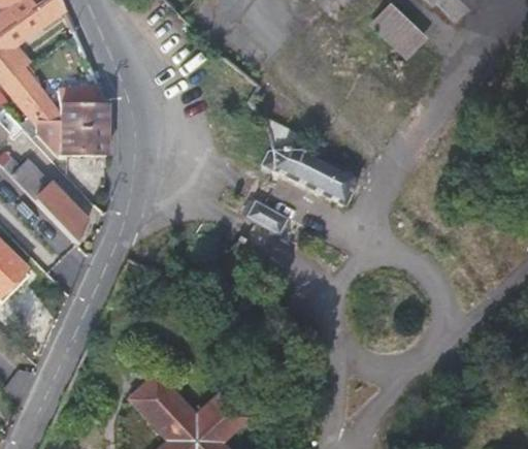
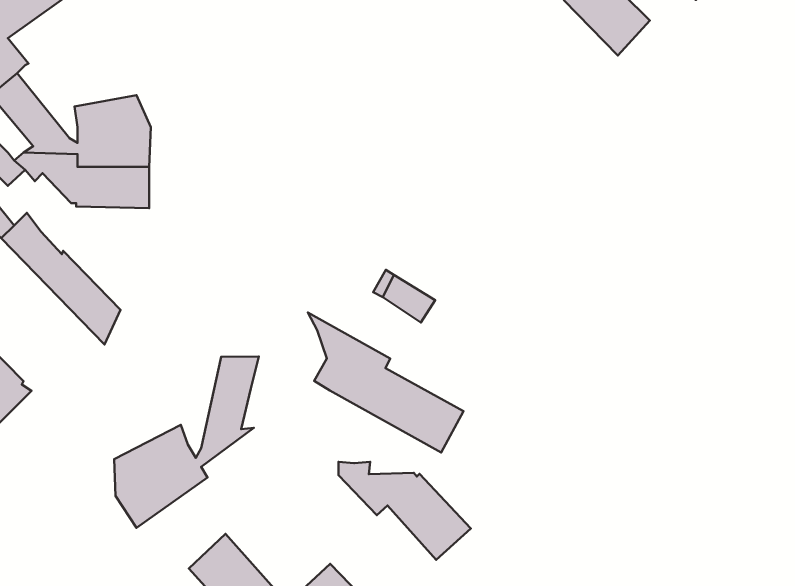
building: [256,113,357,203] -> [308,313,463,452]
building: none -> [114,356,259,528]
building: none -> [338,462,471,560]

